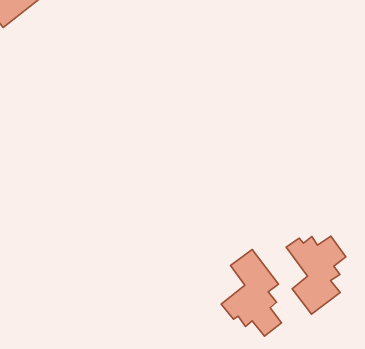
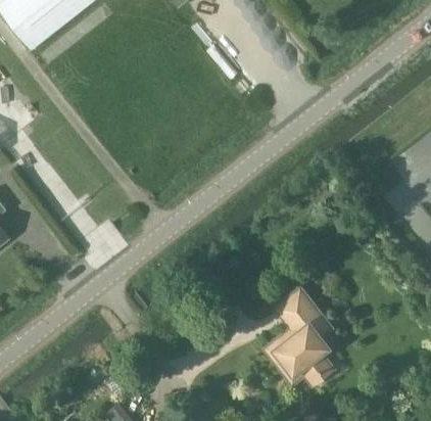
building: [286,236,346,314] -> none

